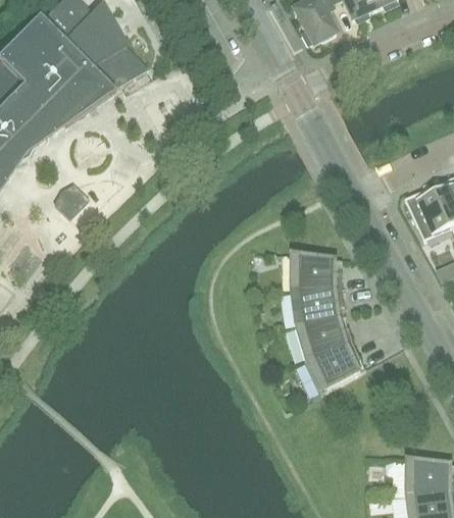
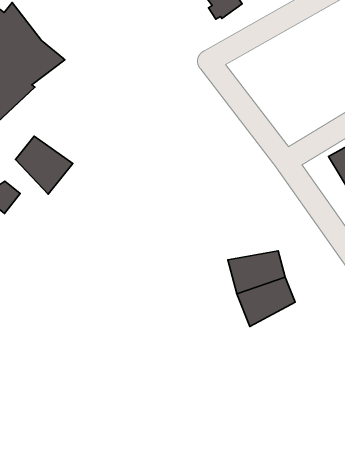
building: none -> [16,136,73,194]
building: [290,254,342,291] -> none
building: [304,342,365,394] -> none

